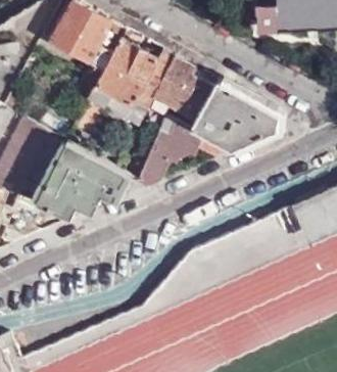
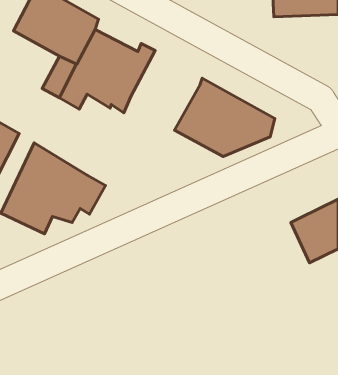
building: [150,58,211,122] -> none
building: [134,115,232,191] -> none

